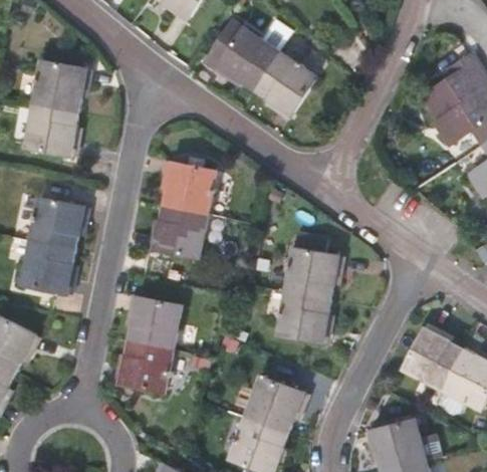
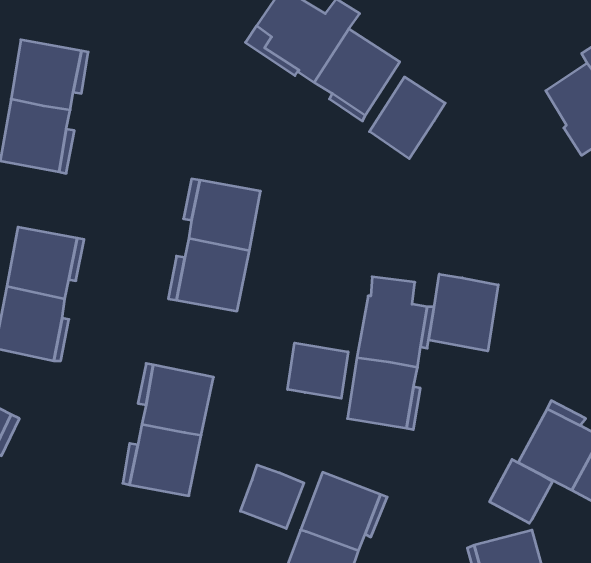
building: none -> [369,77,445,159]
building: none -> [429,274,498,351]
building: none -> [288,343,348,398]
building: none -> [490,459,553,523]
building: none -> [240,465,304,529]

